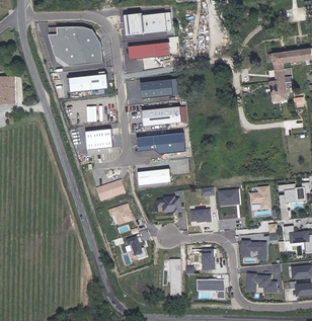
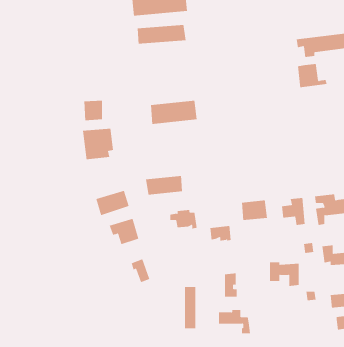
building: [48,26,102,66] -> none
building: [68,71,107,93] -> none
building: [140,79,172,98] -> none
building: [138,132,184,154] -> none
building: [245,272,276,292] -> none

